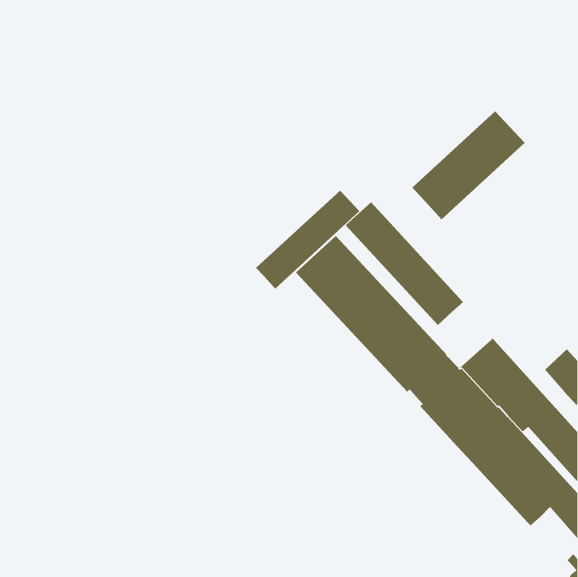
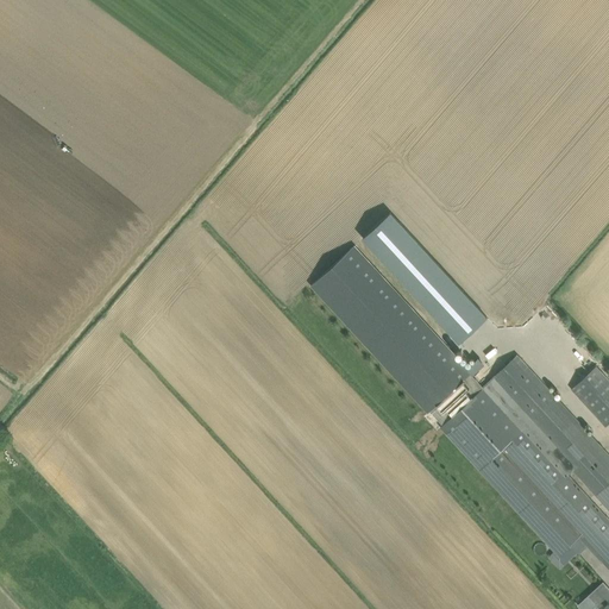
building: [411,110,525,220] -> none
building: [255,190,360,289] -> none

